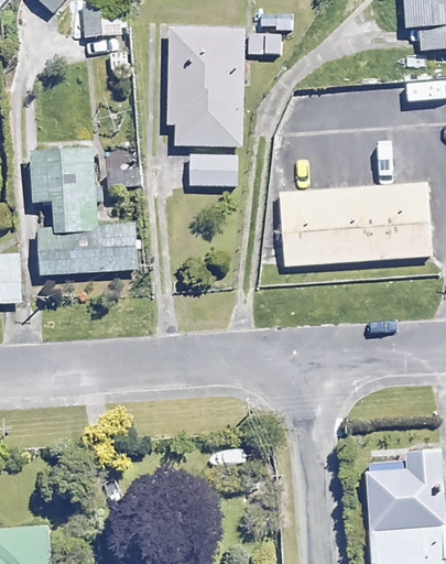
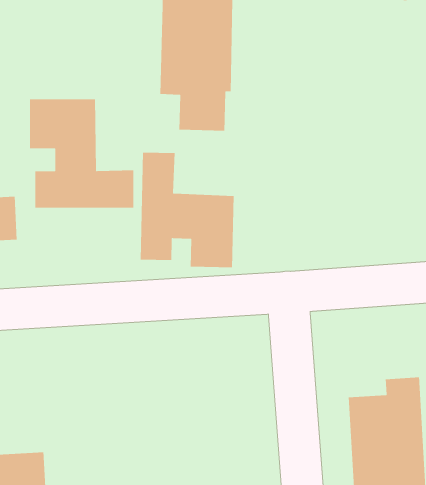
building: [278,183,433,268] -> none
building: none -> [140,152,235,268]

